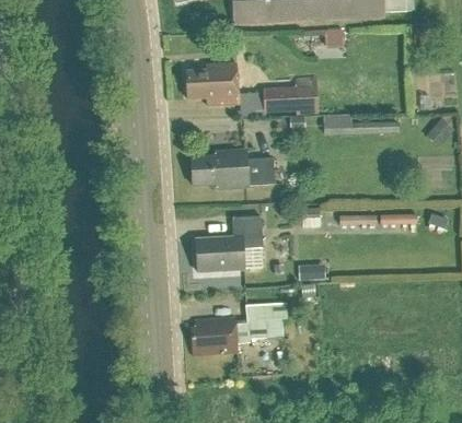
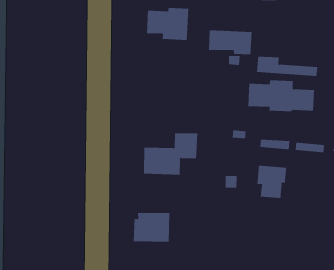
building: [192,148,275,187] -> [247,80,315,112]
building: none -> [257,165,287,199]
building: [244,302,287,339] -> none

